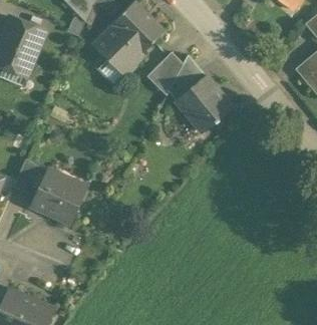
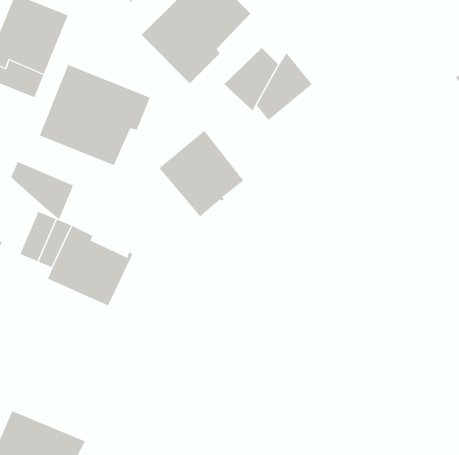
building: none -> [39,64,150,166]
building: [176,74,232,131] -> [158,130,244,217]
building: none -> [11,161,74,220]

